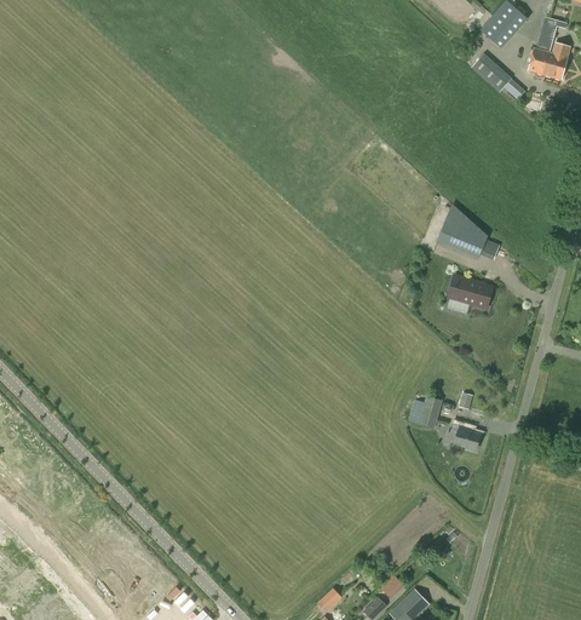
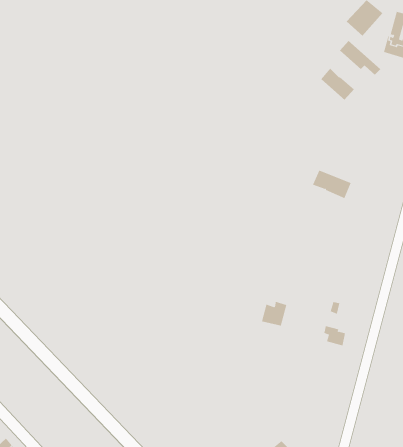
building: none -> [321,68,355,101]
building: [447,275,491,308] -> none
building: [408,395,442,427] -> [261,301,287,326]

